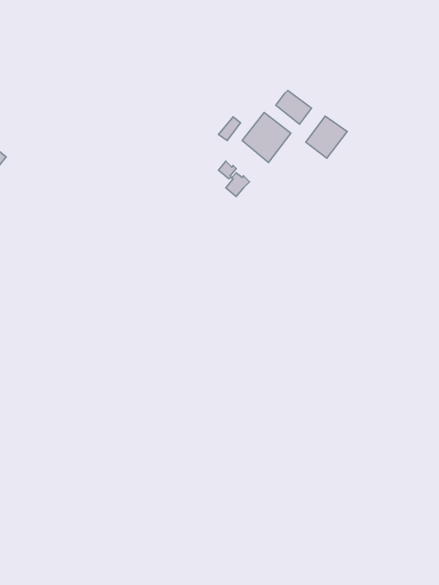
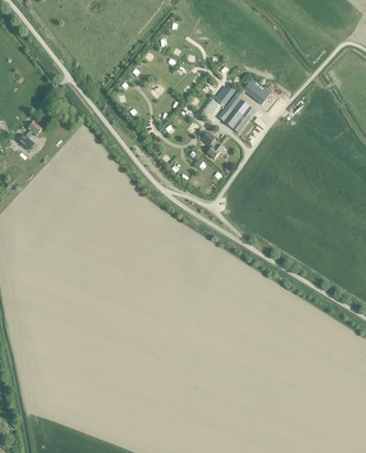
building: [306,116,347,158] -> none

